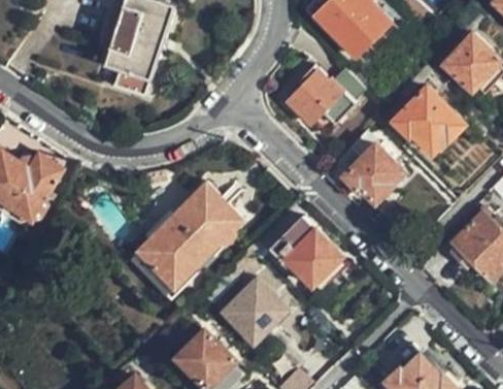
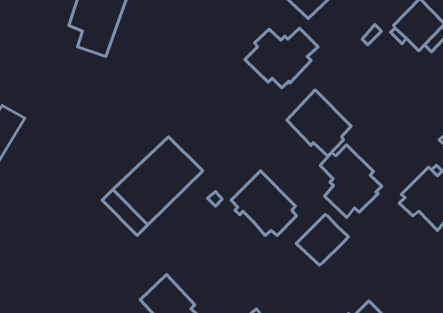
building: [394,89,462,154] -> none
building: none -> [320,145,382,217]
building: none -> [296,215,349,265]
building: [223,279,287,342] -> none

